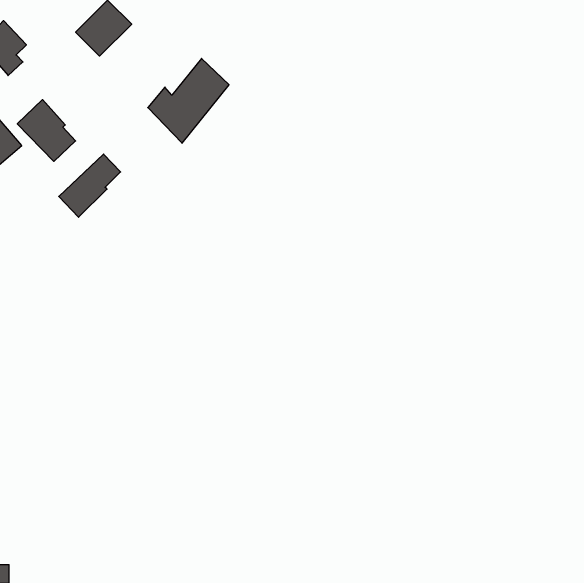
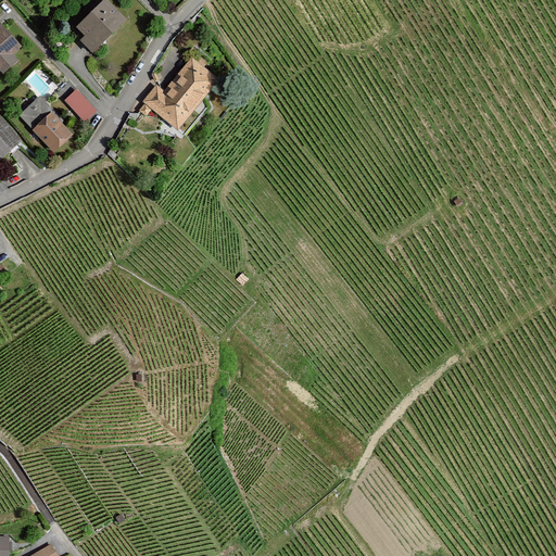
building: none -> [63,90,96,123]
building: [59,154,121,217] -> none

